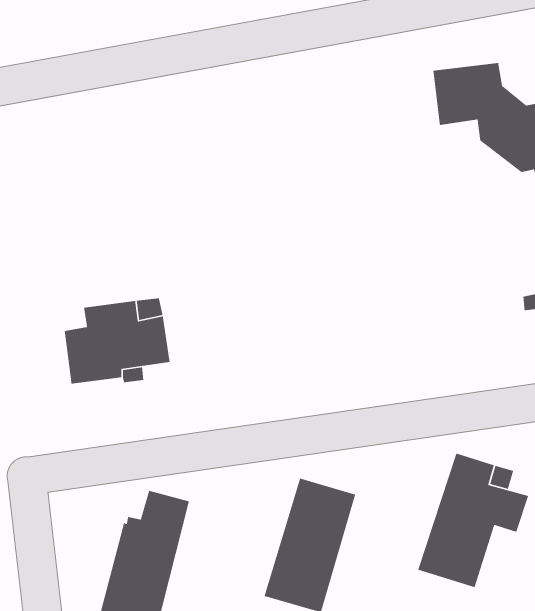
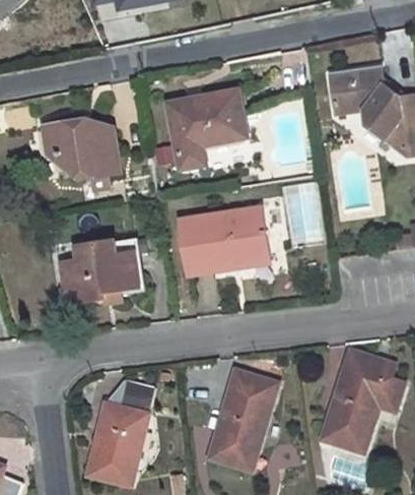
building: none -> [167,90,247,169]
building: none -> [44,119,119,178]
building: none -> [181,207,268,268]

